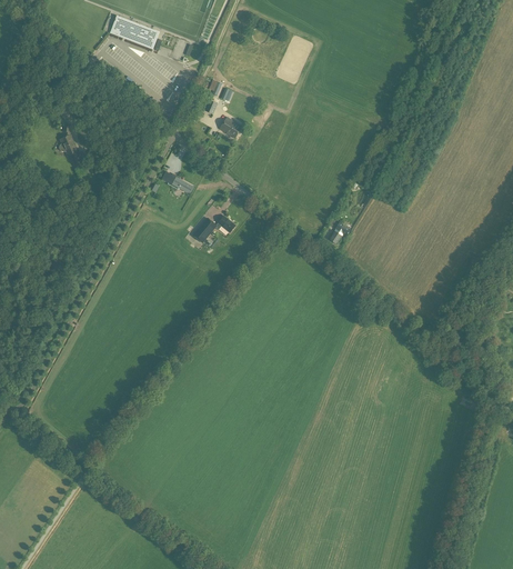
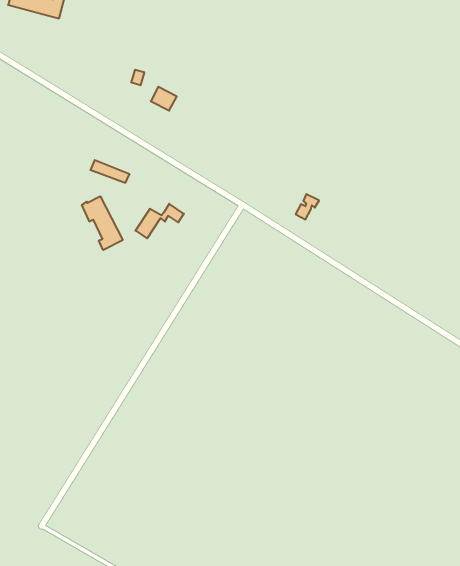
building: none -> [82,196,123,250]

